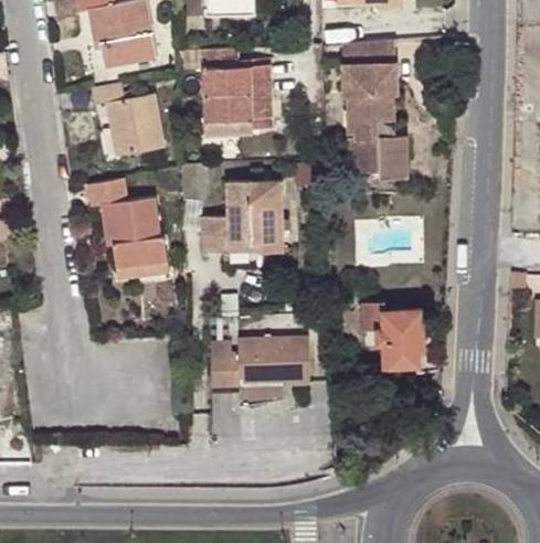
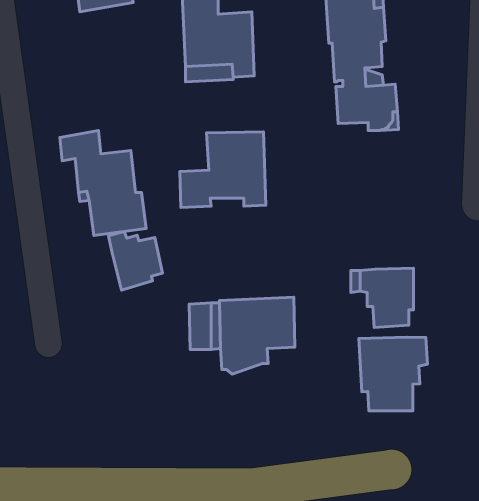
building: [93,85,163,156] -> none
building: none -> [109,231,163,290]
building: none -> [359,337,428,411]

